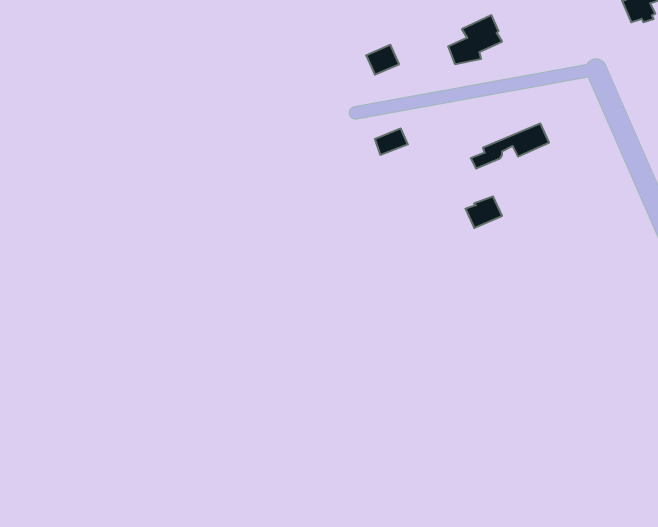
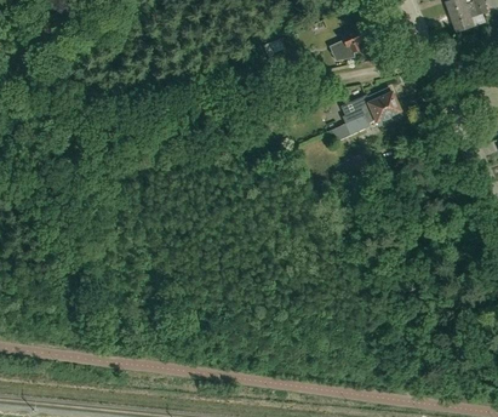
building: none -> [342,87,395,127]

